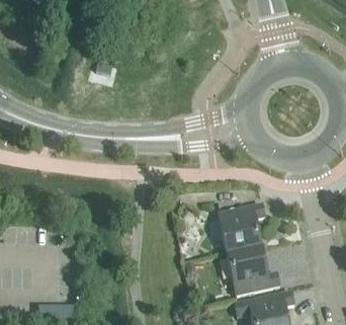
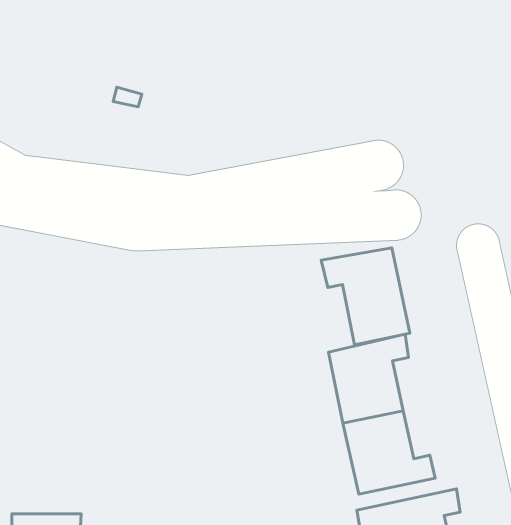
building: none -> [321,248,410,345]

